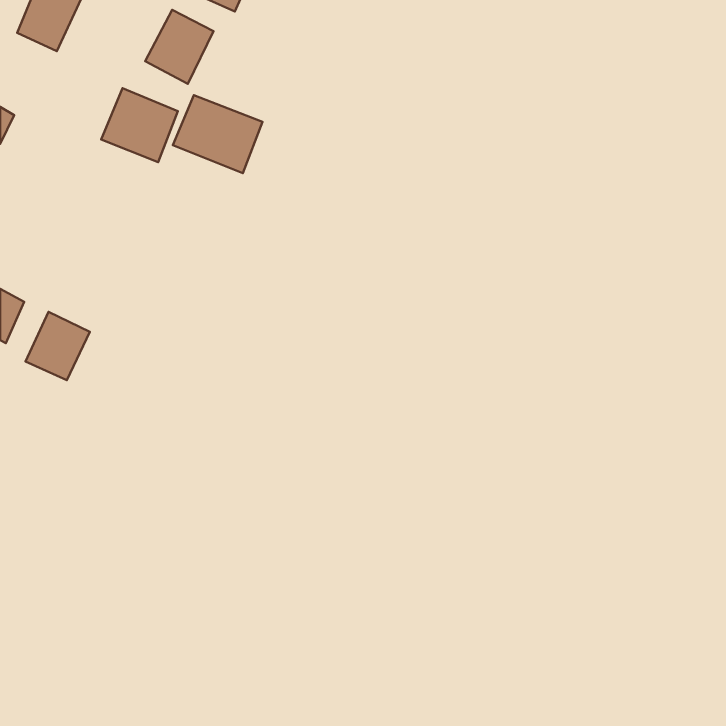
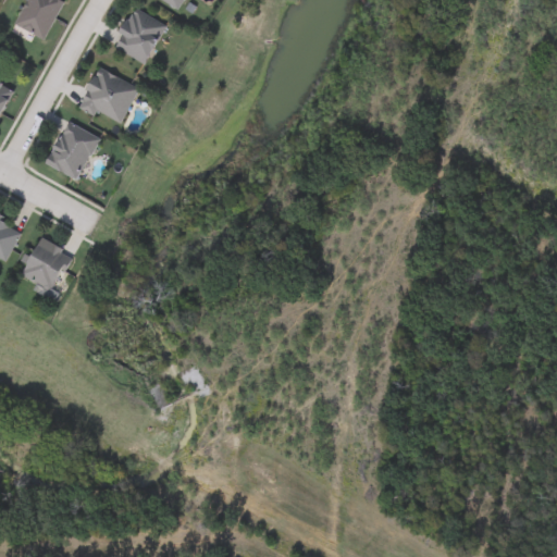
building: [173,95,262,173] -> none
building: none -> [46,121,97,178]

